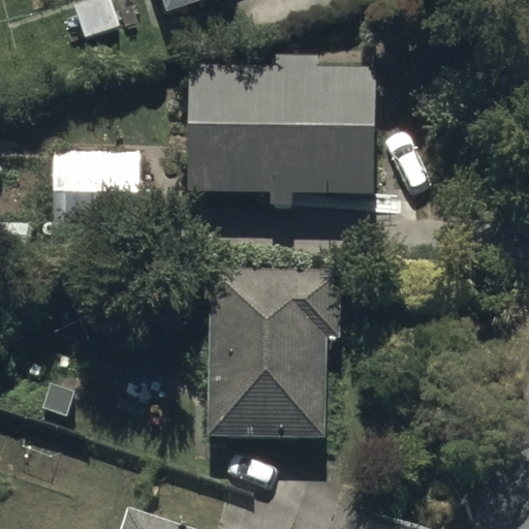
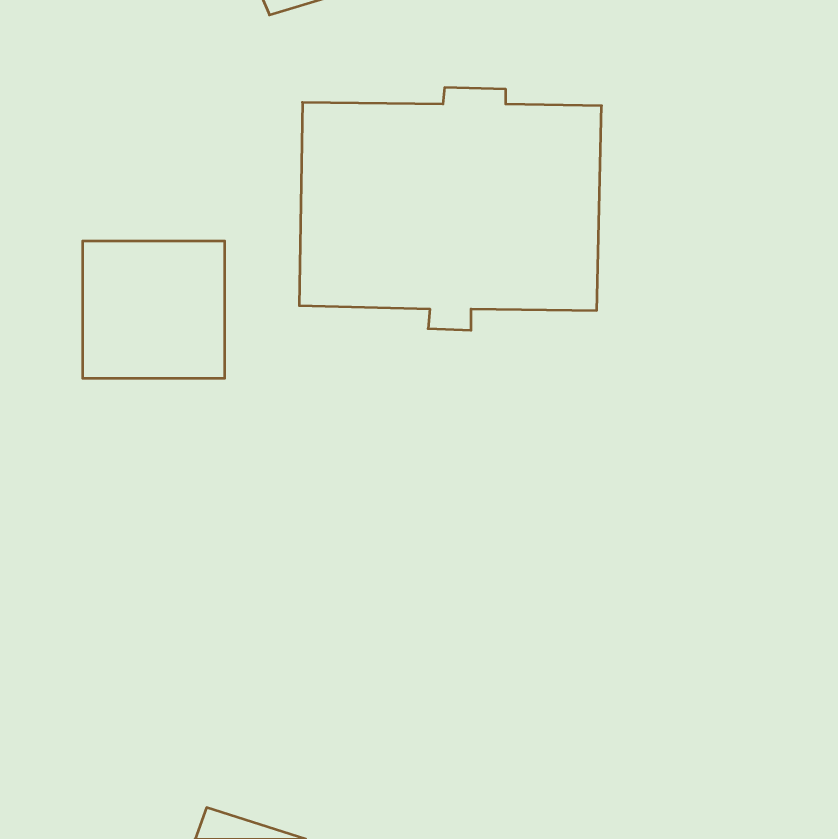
building: [207,266,339,439] -> none

